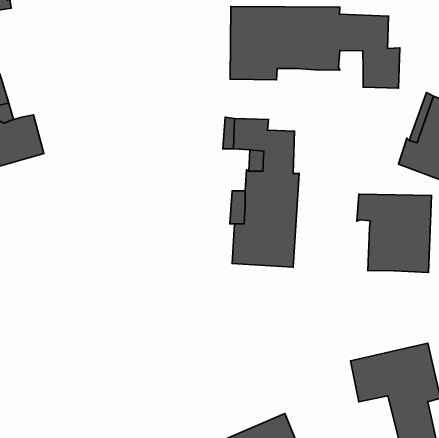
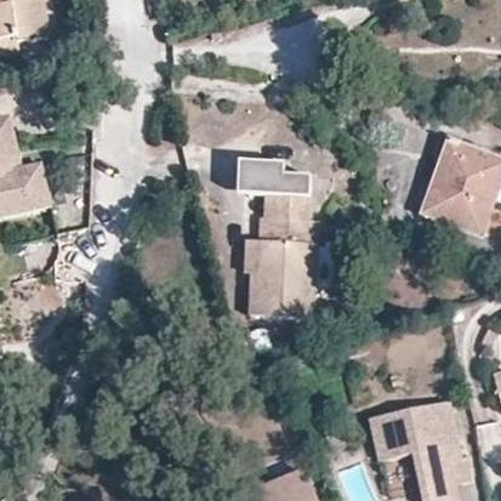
building: [230,7,400,88] -> none
building: [357,194,431,273] -> none

